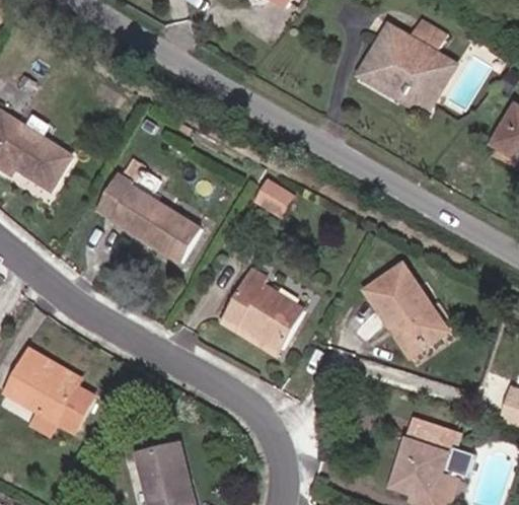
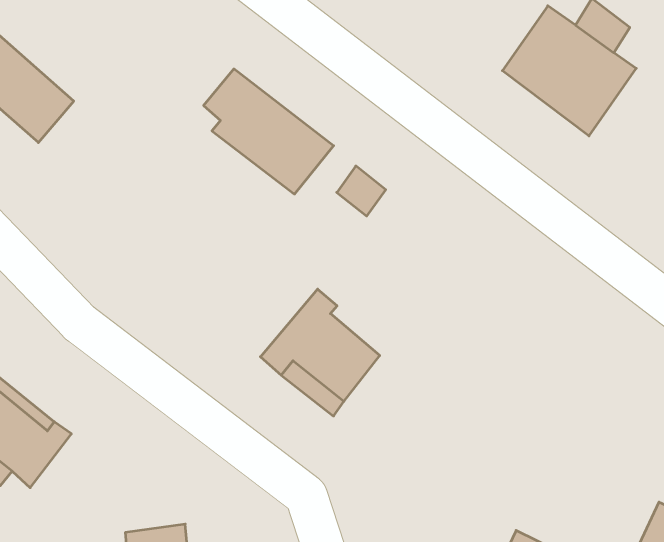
building: [100,173,196,257] -> [204,69,334,194]
building: [365,262,442,344] -> none

